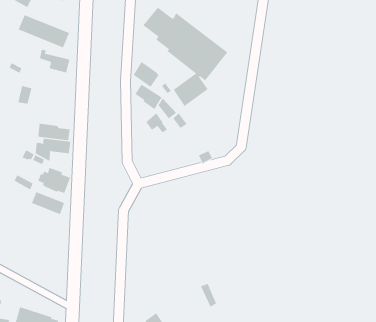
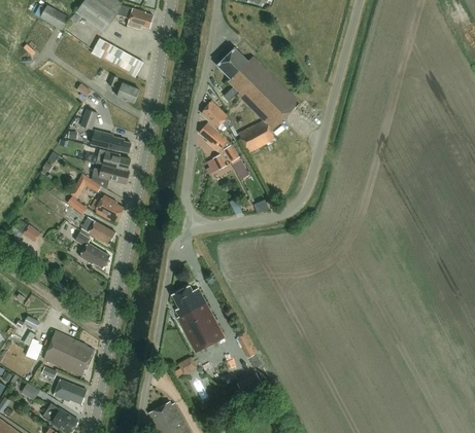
building: none -> [92,130,131,152]
building: none -> [75,232,111,268]
building: none -> [172,285,225,353]

